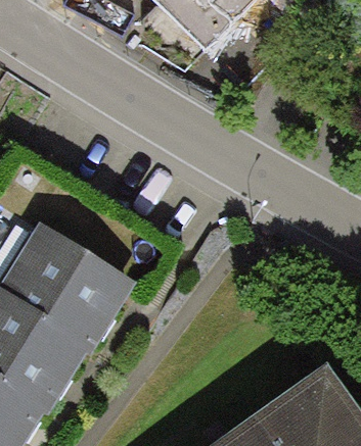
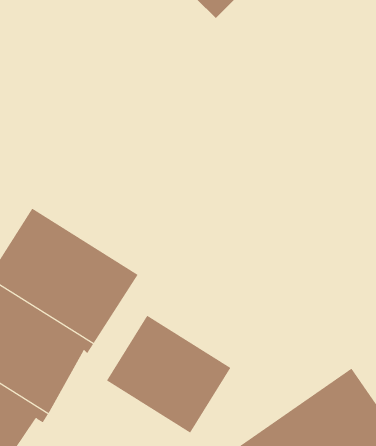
building: none -> [106,315,231,434]

